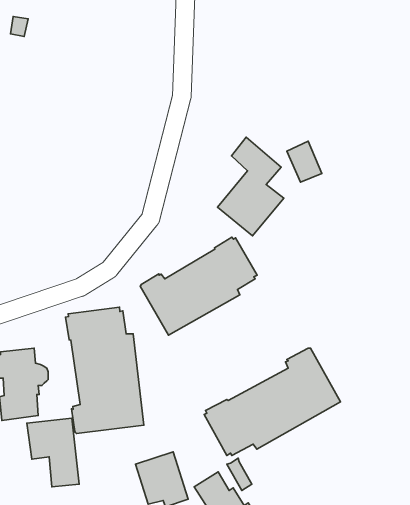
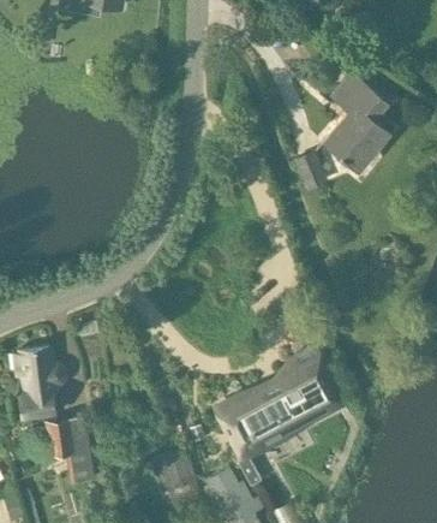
building: [218,137,284,236] -> [324,73,388,168]
building: [140,237,257,335] -> none
building: [66,307,144,433] -> none

